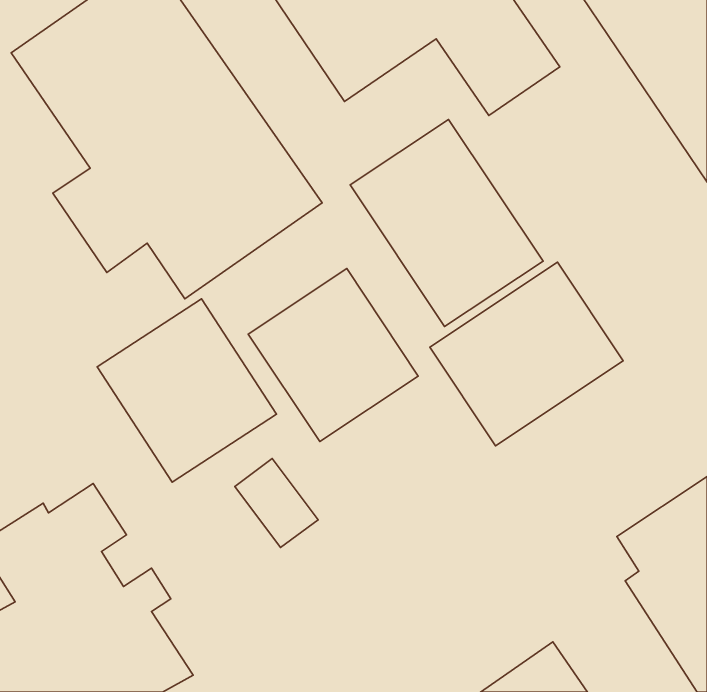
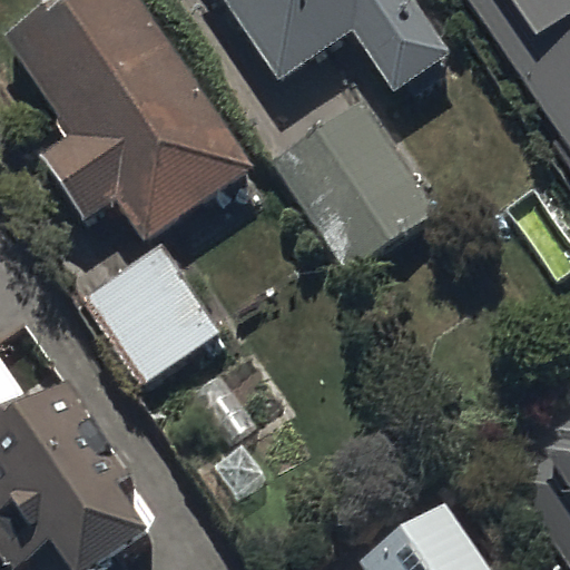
building: [430,262,623,446] -> none
building: [248,269,418,441] -> none

